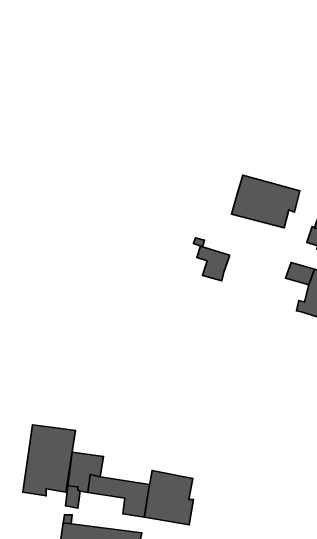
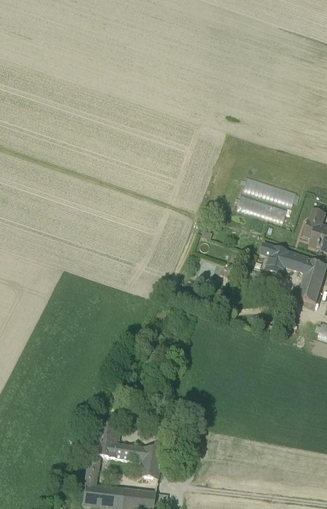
building: [197,246,230,281] -> [260,243,289,274]
building: [23,425,76,496] -> none
building: [144,470,194,525] -> none

